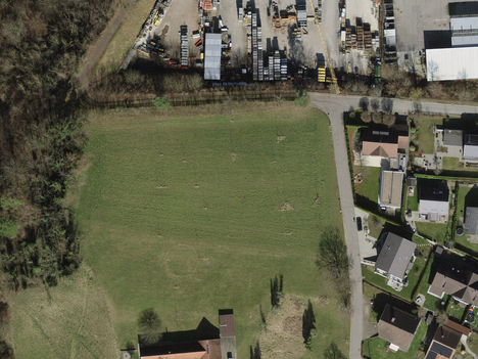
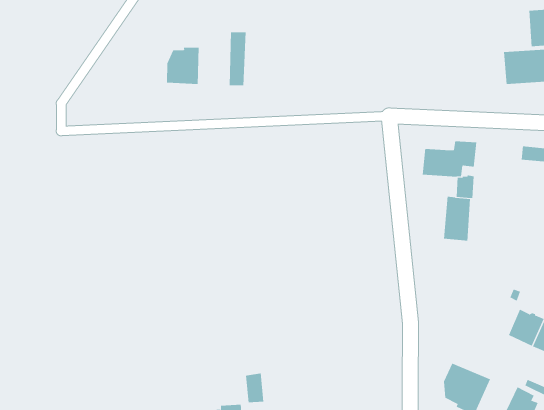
building: none -> [167,47,199,85]
building: [420,190,448,214] -> none
building: [379,237,413,274] -> none

